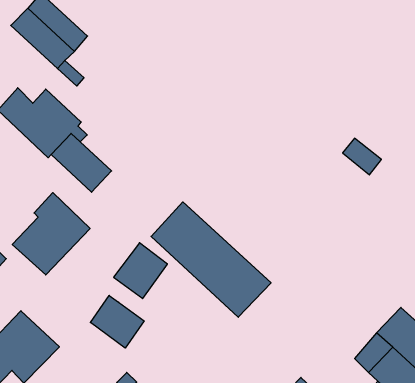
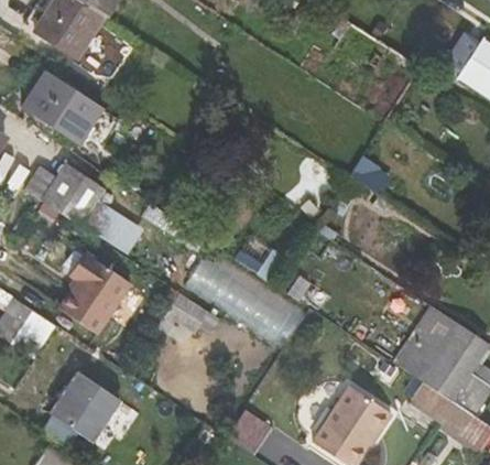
building: [90,295,144,348] -> none

